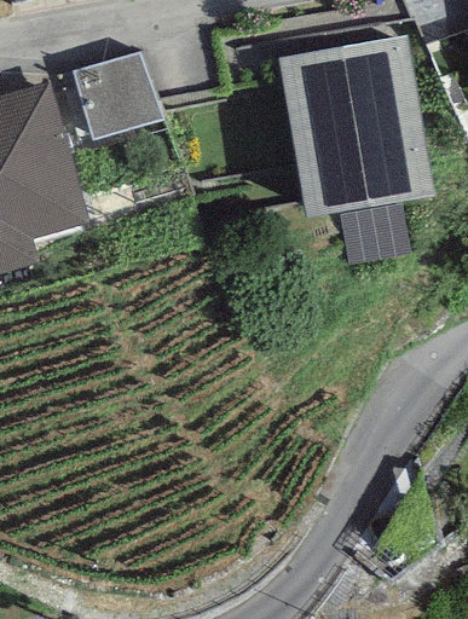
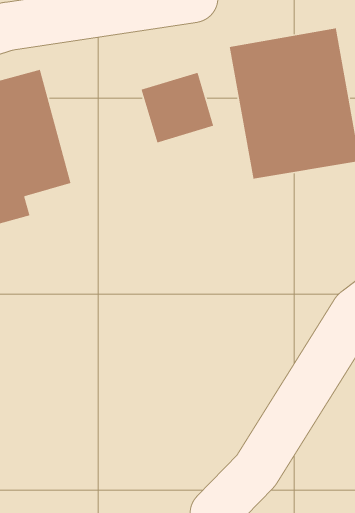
building: [73,52,161,138] -> [141,72,214,143]

